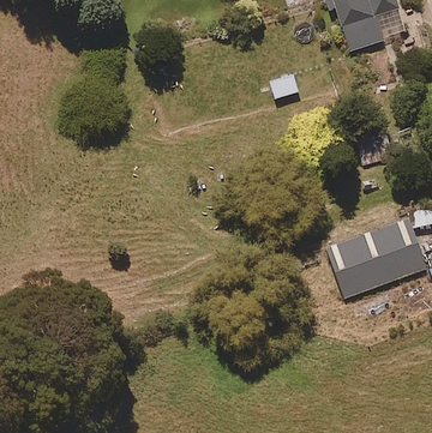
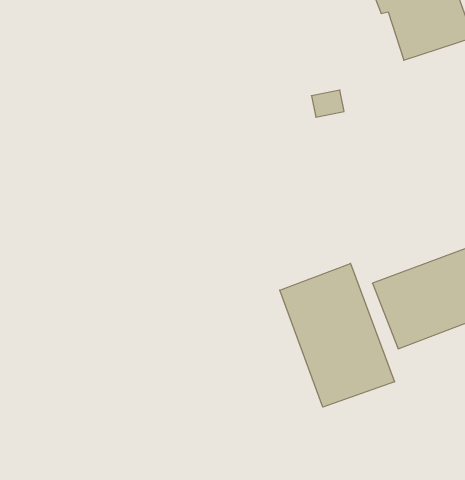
building: none -> [280,263,395,407]

